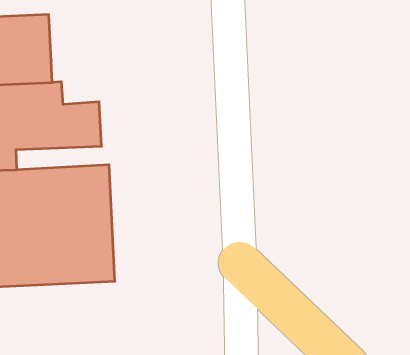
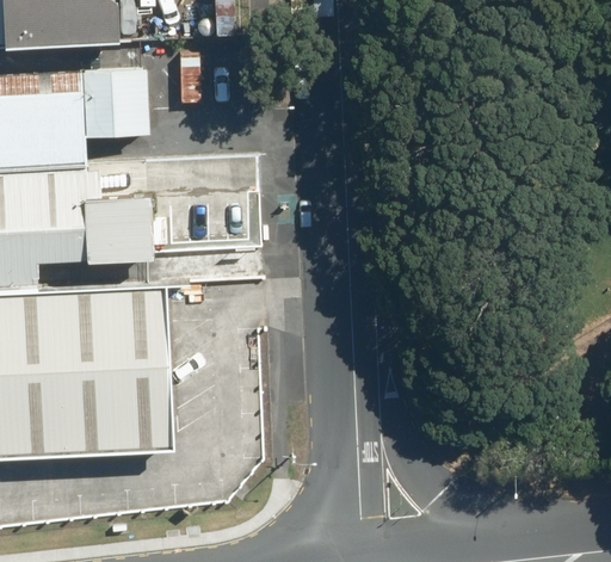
building: none -> [78,68,146,137]

